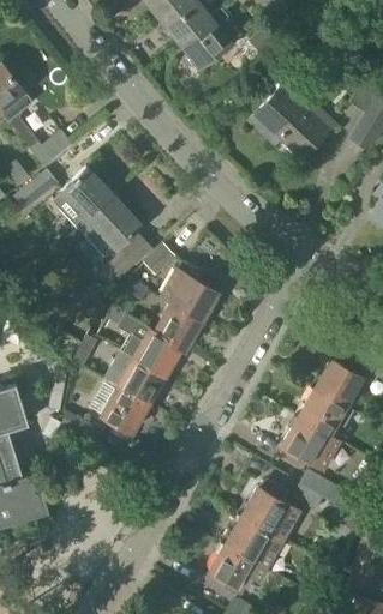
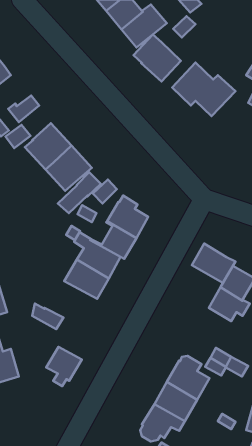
building: none -> [133,34,181,82]
building: [101,387,149,440] -> [46,347,82,386]
building: [282,416,341,469] -> [192,244,235,283]

